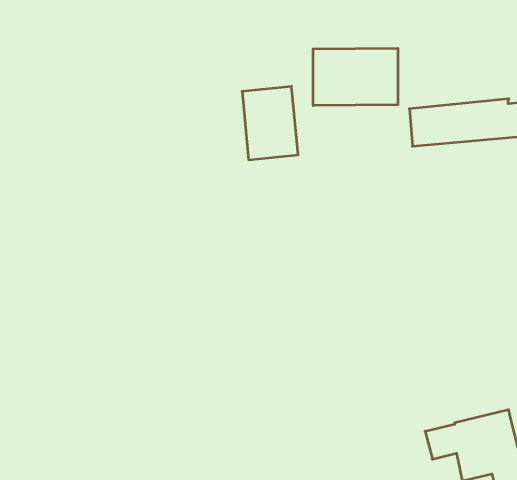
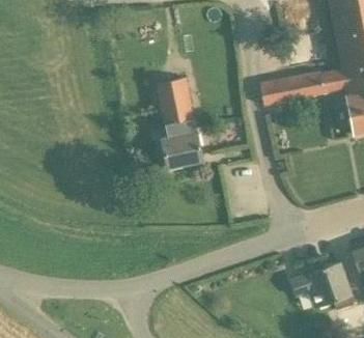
building: [313,48,398,106] -> none
building: none -> [162,132,203,167]

